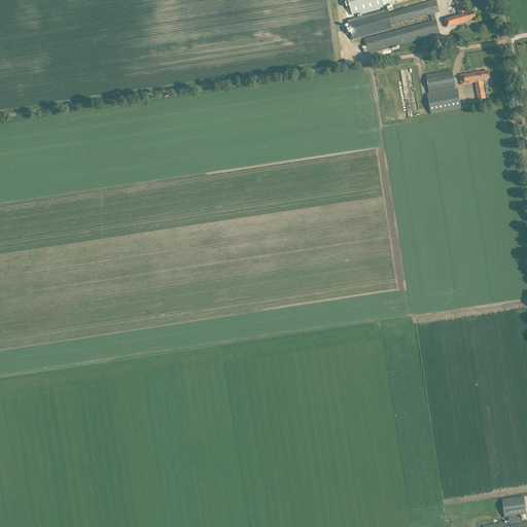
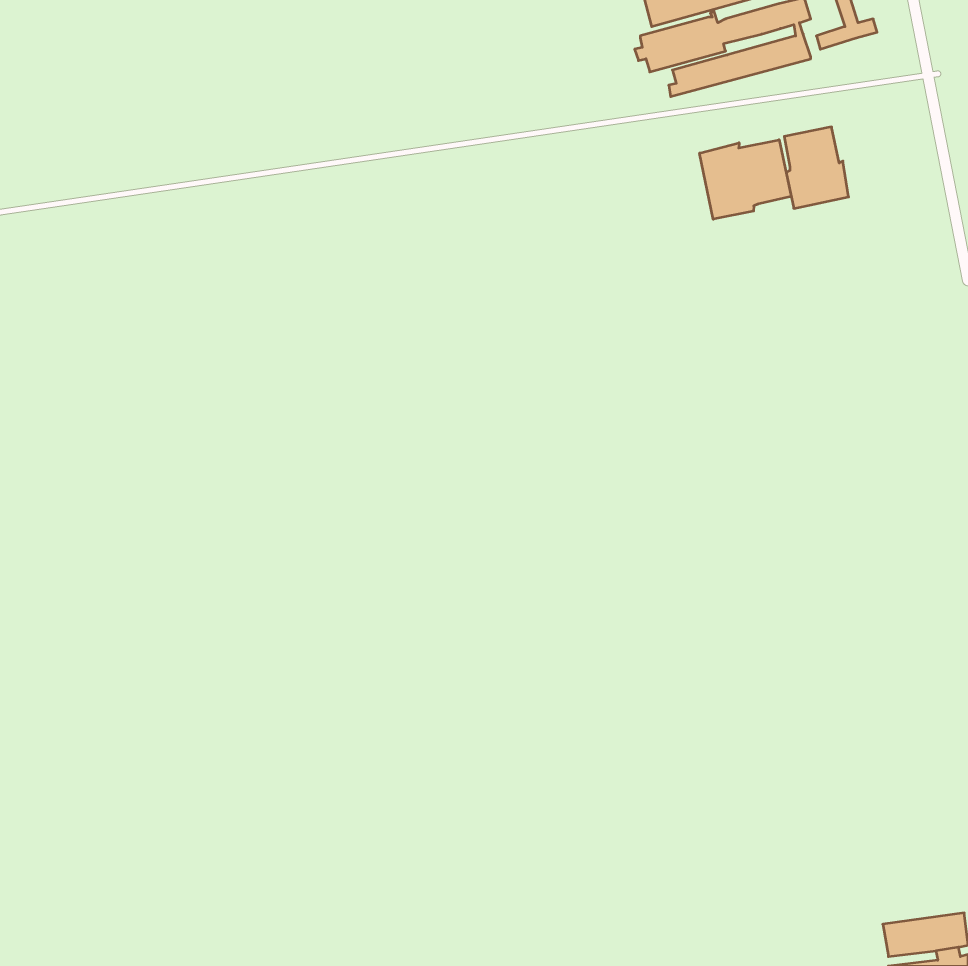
building: [459,70,490,99] -> none
building: none -> [700,140,791,219]

